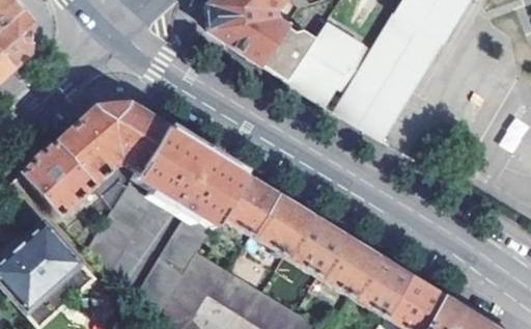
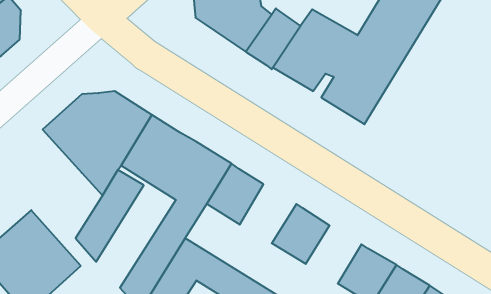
building: [20,139,95,215] -> none
building: [254,194,311,253] -> none
building: [320,236,376,294] -> none

